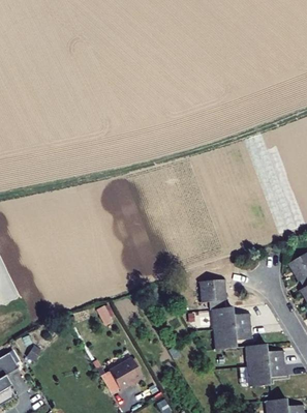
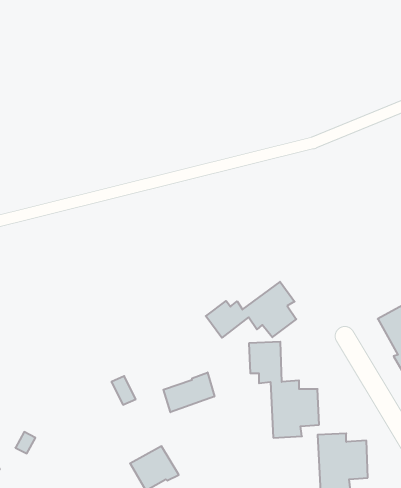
building: none -> [206,282,296,338]
building: none -> [163,372,214,412]

